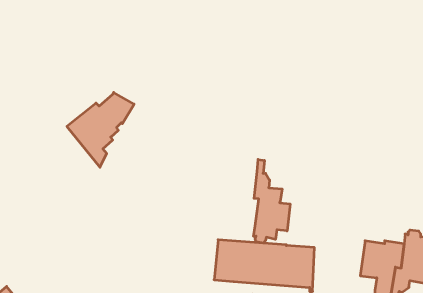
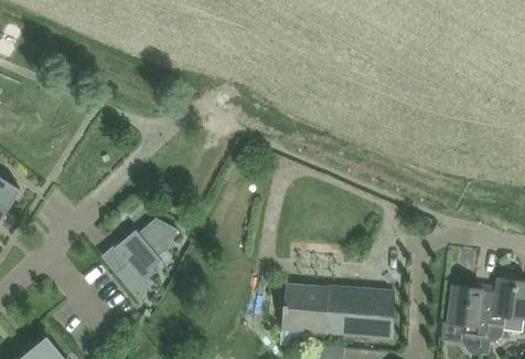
building: [67,92,134,167] -> [103,218,179,303]
building: [254,159,290,243] -> none

